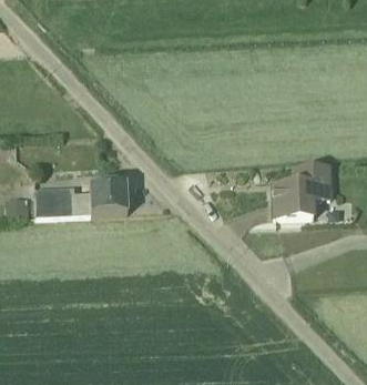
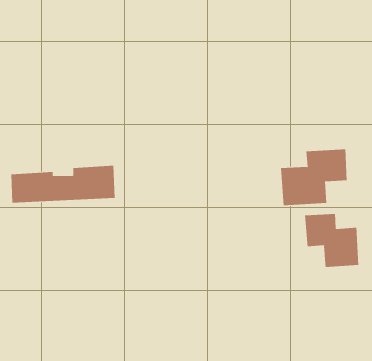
building: none -> [305,213,359,268]

